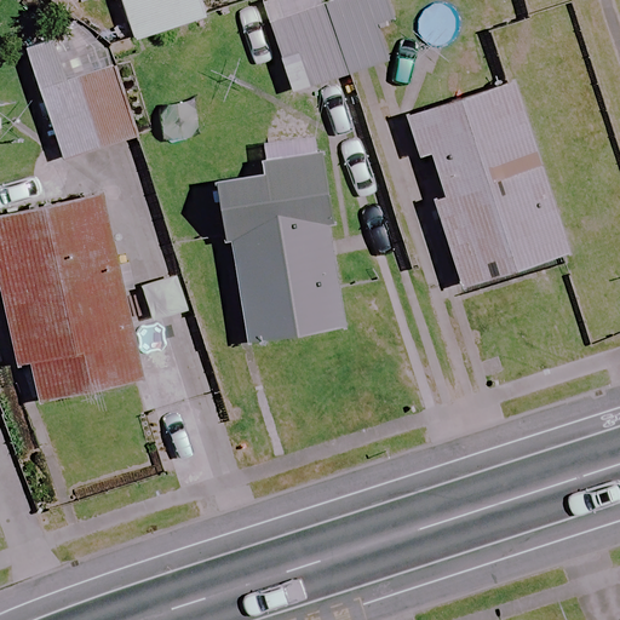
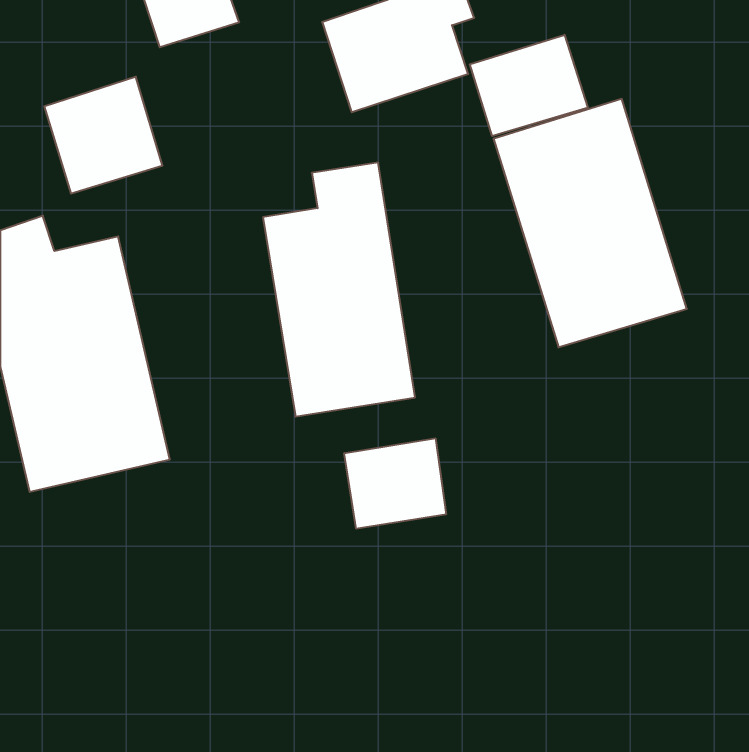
building: none -> [470,35,588,136]
building: none -> [344,438,446,529]

